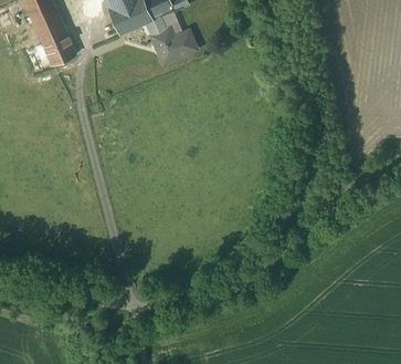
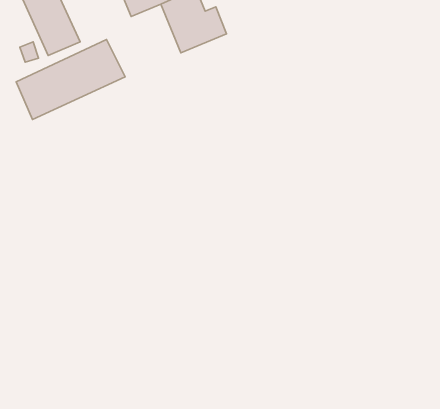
building: none -> [16,40,125,119]

